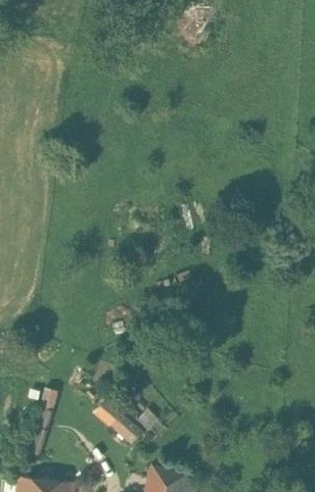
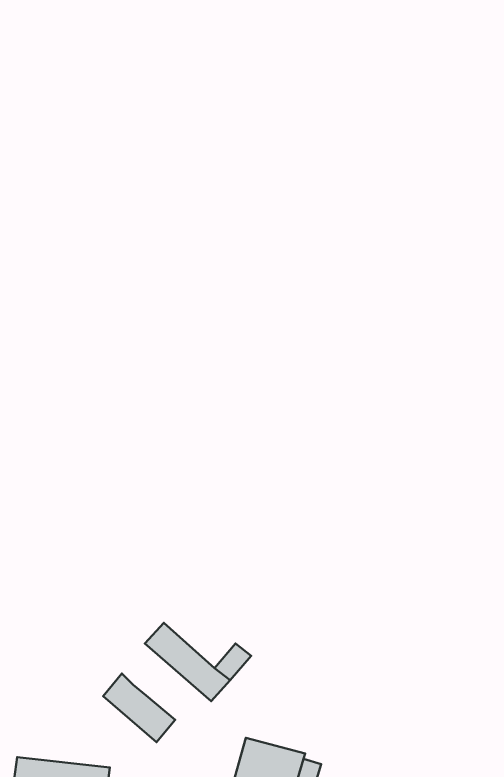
building: none -> [103,673,175,742]

